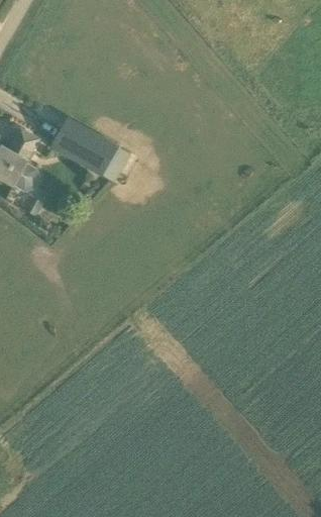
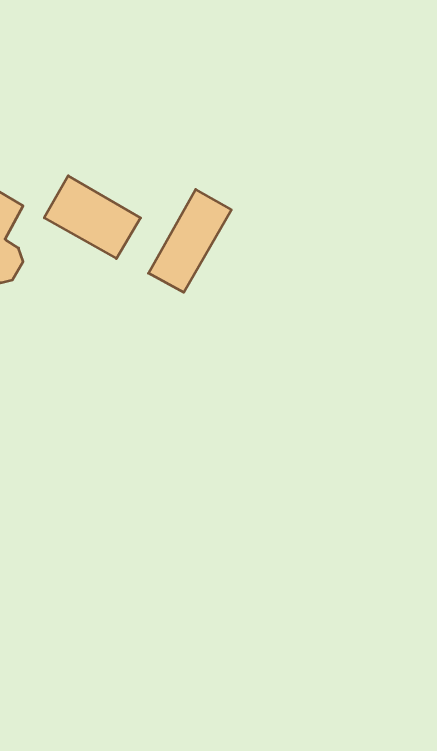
building: none -> [148,189,231,292]

